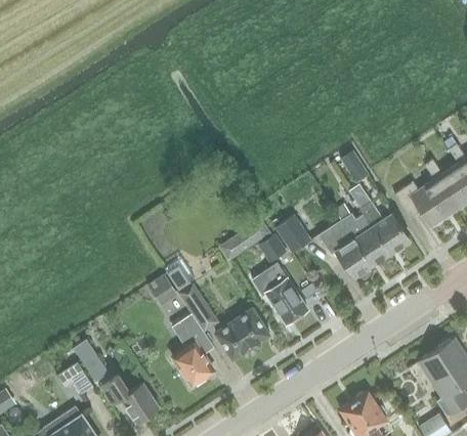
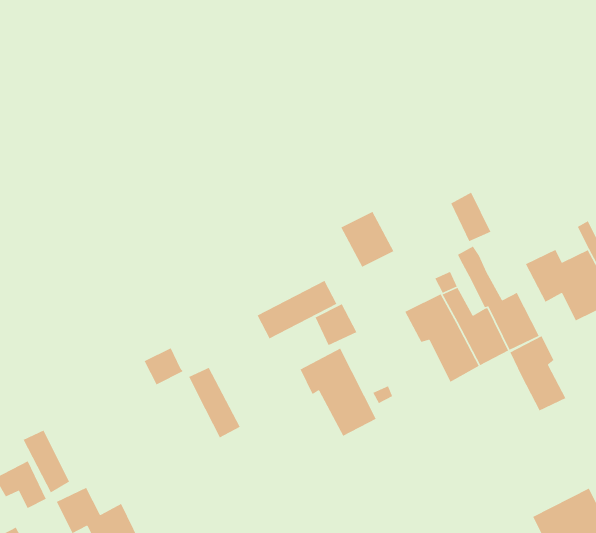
building: [274,214,312,253] -> [340,211,394,268]
building: none -> [509,335,567,412]
building: [165,258,195,293] -> none
building: [216,309,268,358] -> none
building: [172,314,214,386] -> none

